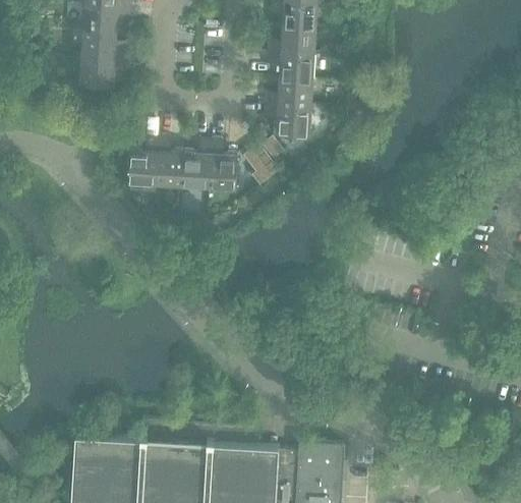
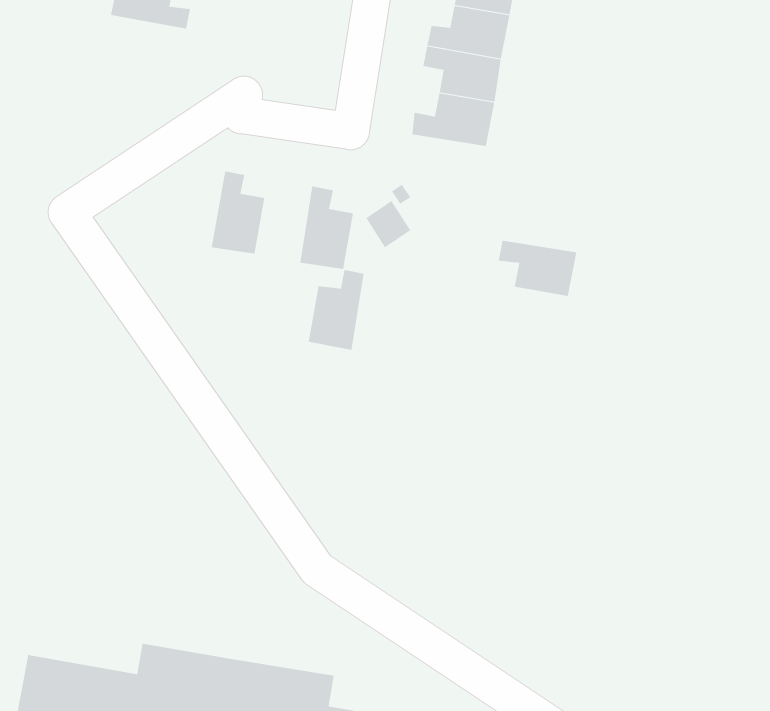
building: [80,60,127,90] -> none
building: [265,110,310,138] -> [498,240,577,297]
building: [129,143,159,189] -> none
building: [182,146,211,192] -> [308,270,364,350]

